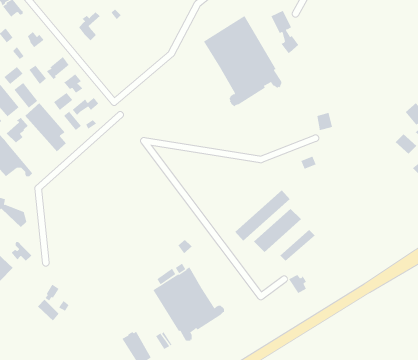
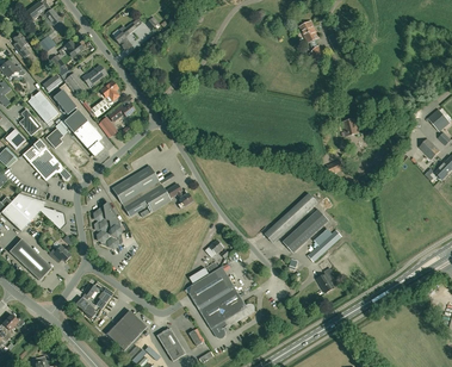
building: [203,15,282,107] -> none
building: none -> [112,166,193,216]
building: none -> [93,201,123,249]
building: none -> [106,310,147,350]

